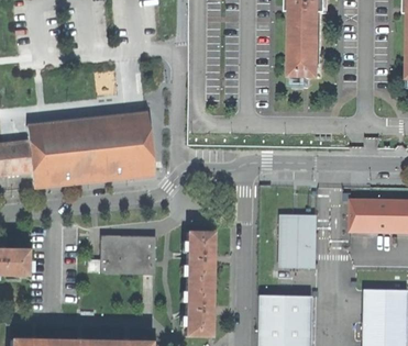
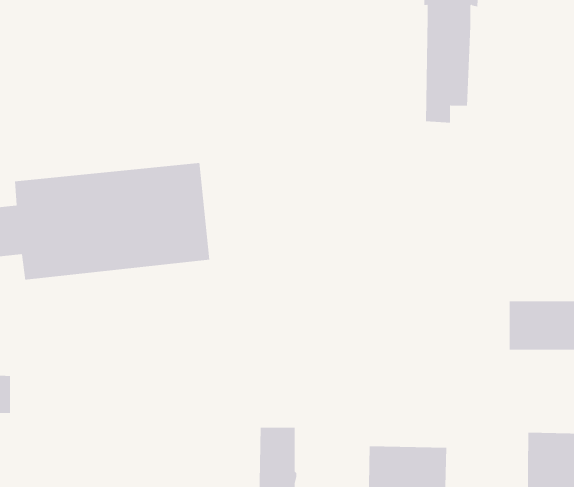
building: [276,213,315,267] -> none
building: [188,231,213,282] -> none
building: [90,237,155,272] -> none

